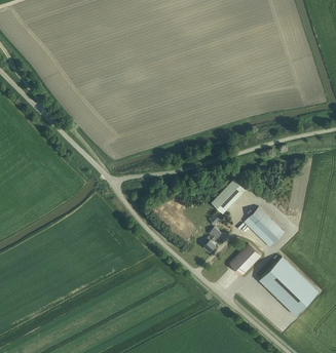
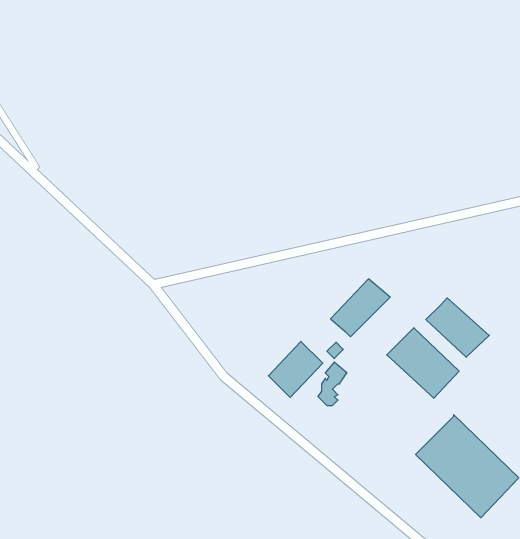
building: none -> [426,298,489,357]
building: [229,244,260,276] -> [268,341,323,397]

